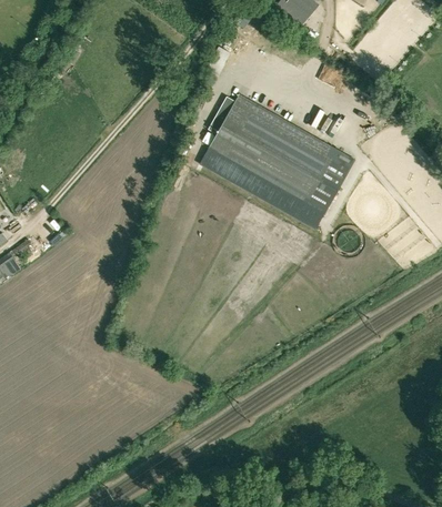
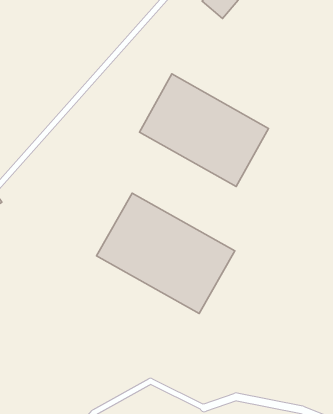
building: none -> [97,193,235,313]

